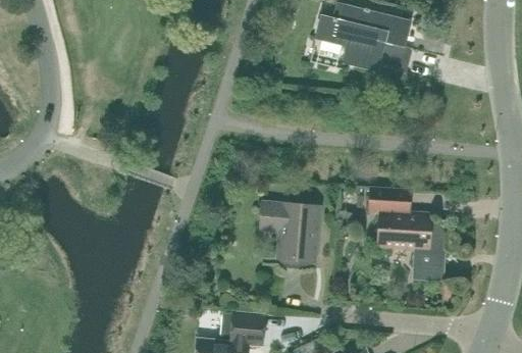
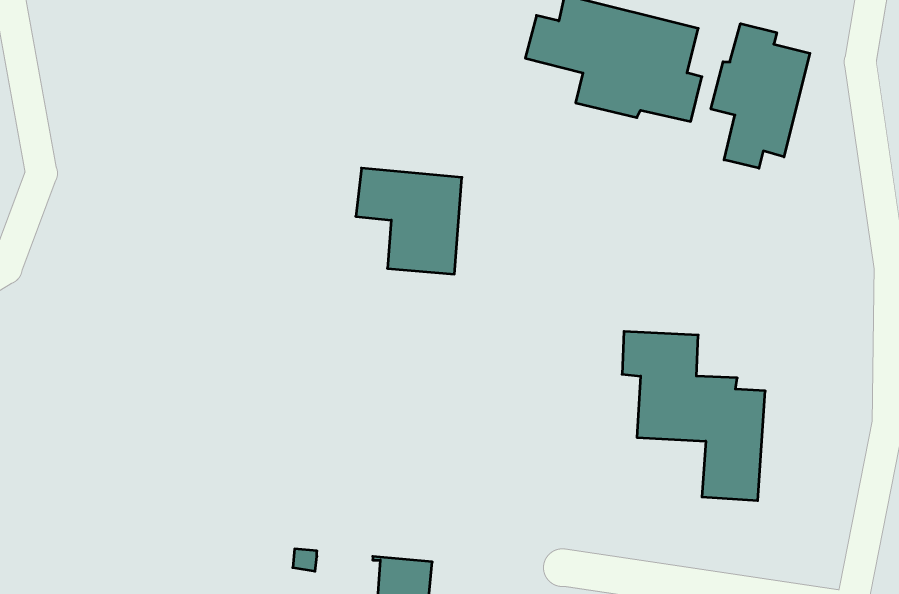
building: none -> [711,24,810,168]
building: [260,202,318,260] -> [356,168,462,274]

